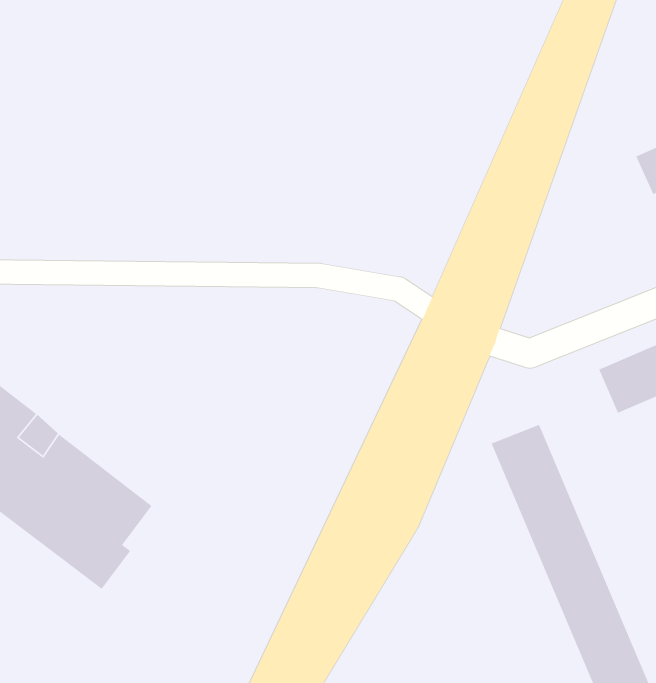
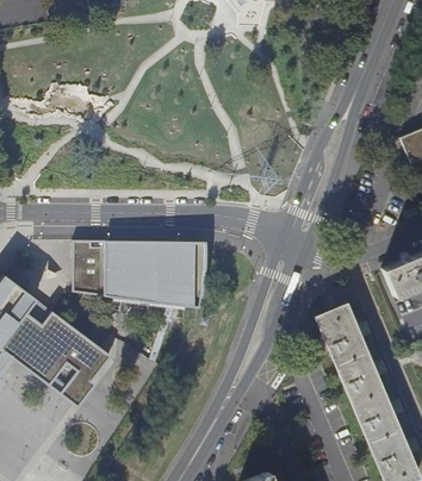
building: none -> [73,239,206,307]

